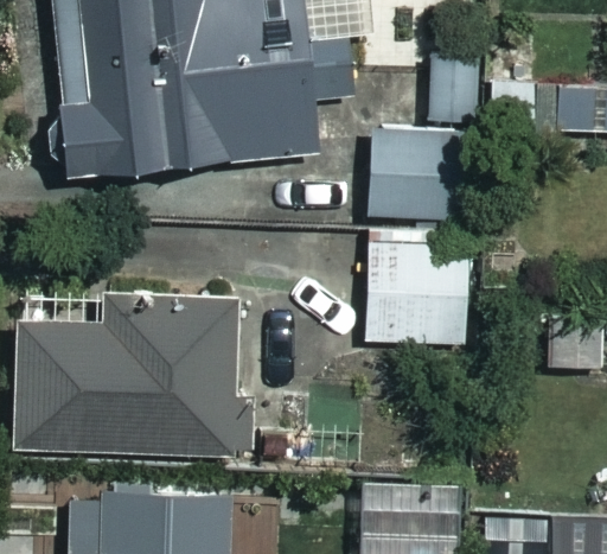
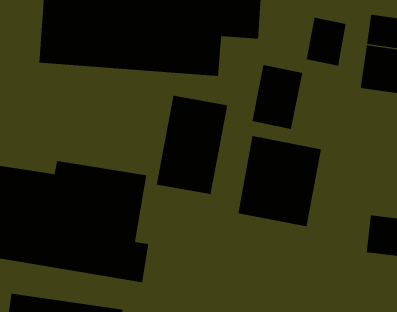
building: none -> [156,95,228,195]

